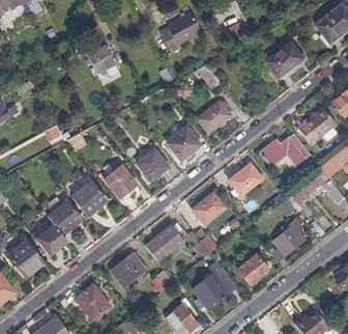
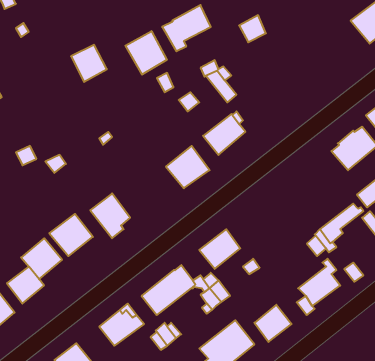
building: none -> [125,31,167,75]
building: [266,40,303,77] -> none
building: [260,135,311,171] -> none
building: [135,147,168,180] -> none
building: [228,165,261,196] -> none

